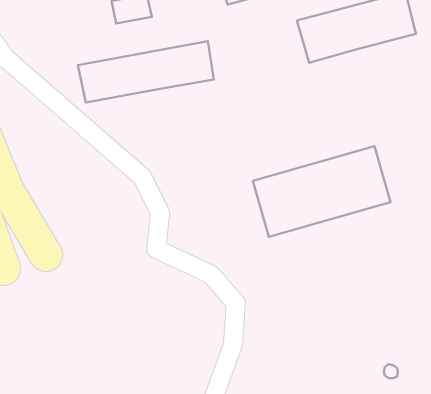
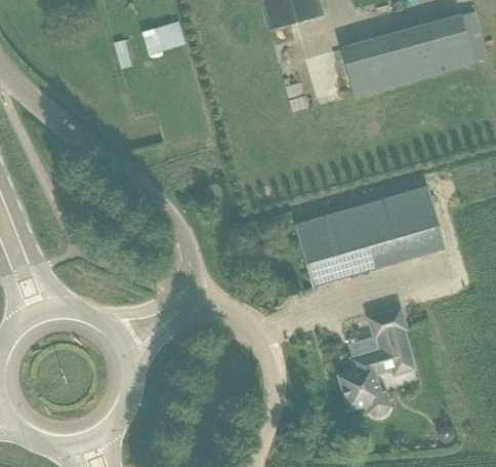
building: [78,41,214,103] -> none
building: none -> [341,308,414,415]

